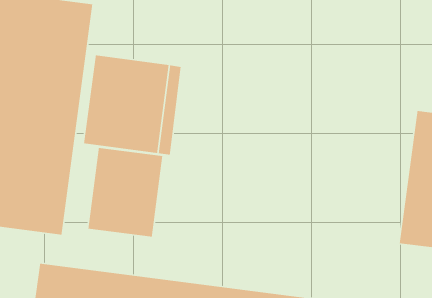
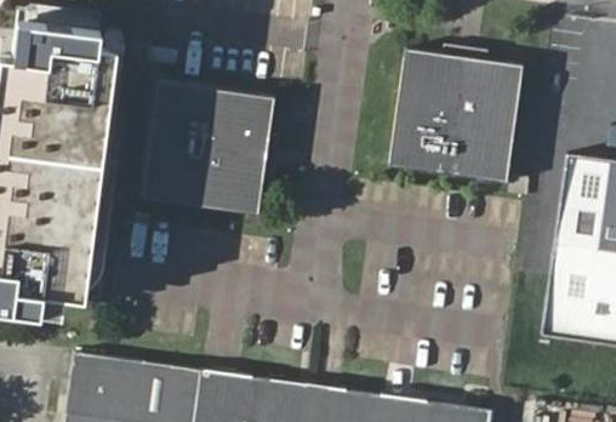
building: none -> [394,47,525,178]
building: [87,147,163,238] -> none

